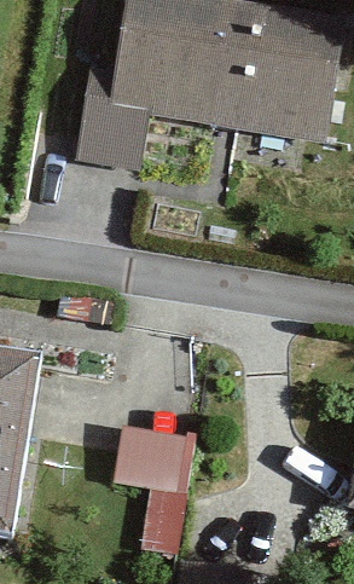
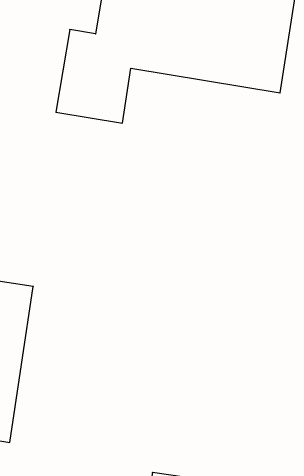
building: [108,427,197,497] -> none

